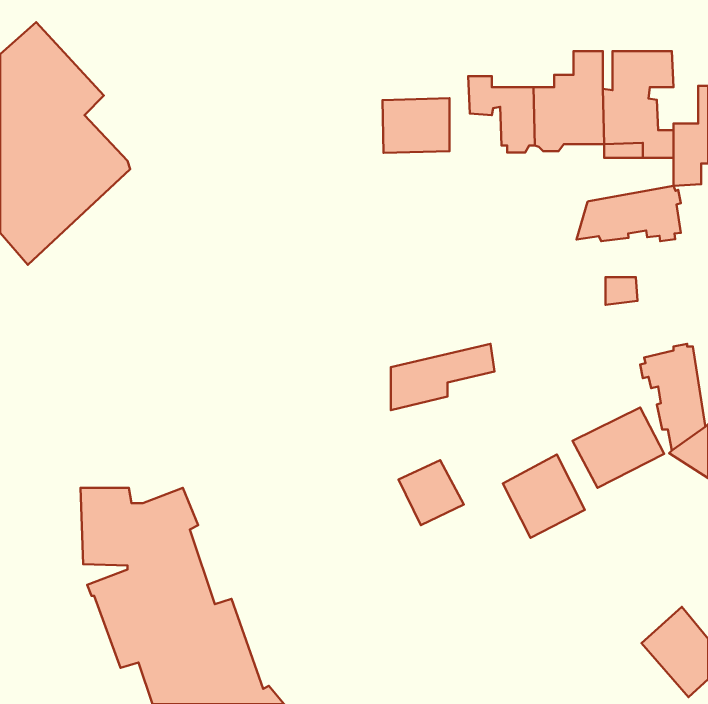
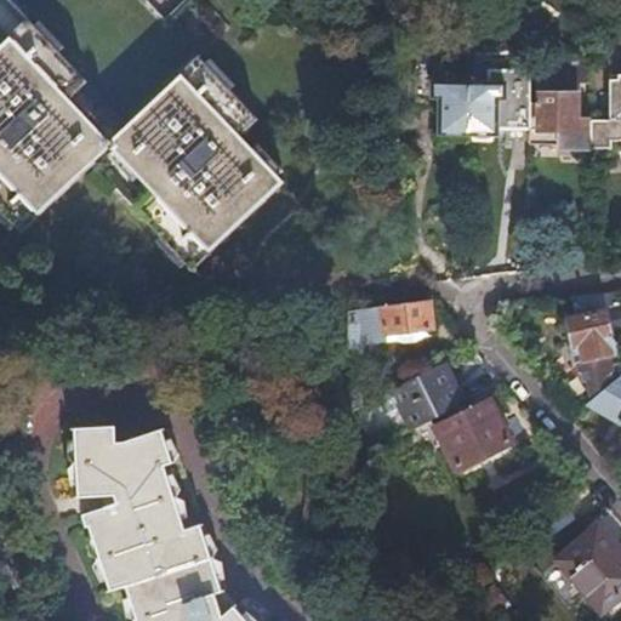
building: none -> [112,59,285,269]
building: [382,98,449,153] -> none
building: [576,186,681,241] -> none
building: [573,407,664,488] -> none
building: [399,460,464,525] -> [398,370,455,427]

